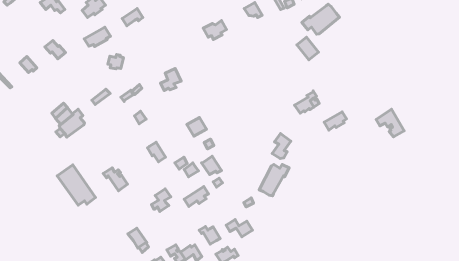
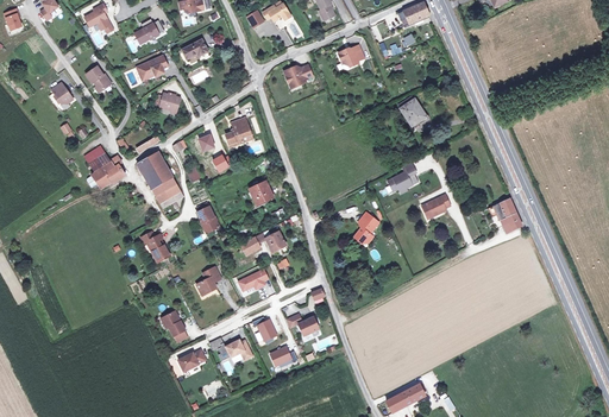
building: [302,4,340,34] -> none
building: [259,164,289,196] -> none
building: [57,165,96,205] -> [137,152,182,203]

